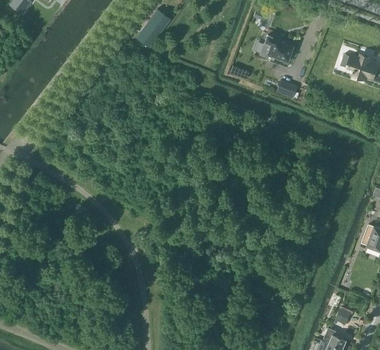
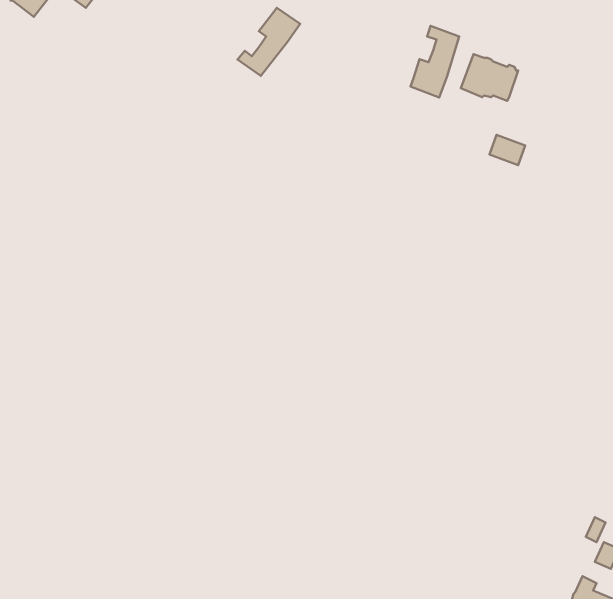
building: none -> [411,26,459,97]

